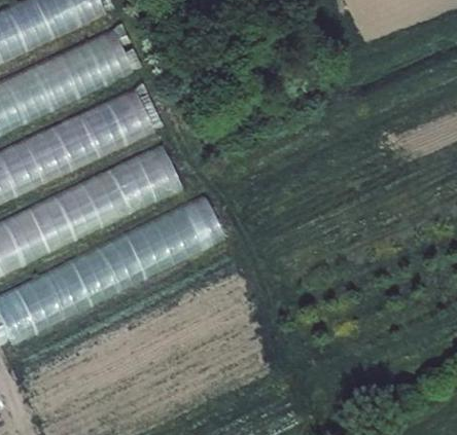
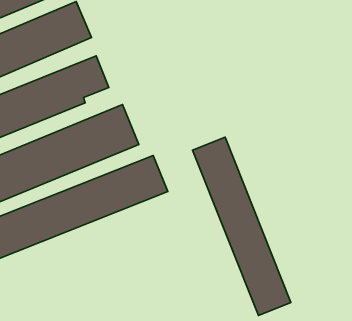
building: none -> [193,137,291,316]

